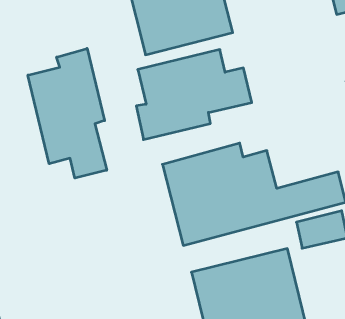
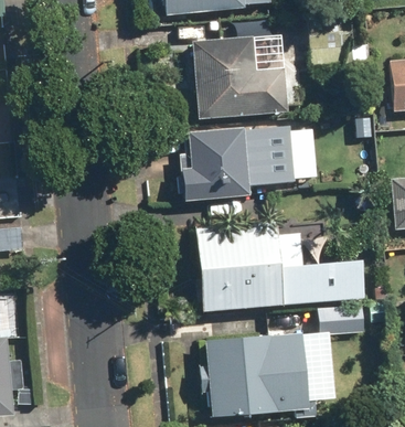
building: [28,48,107,178] -> none

